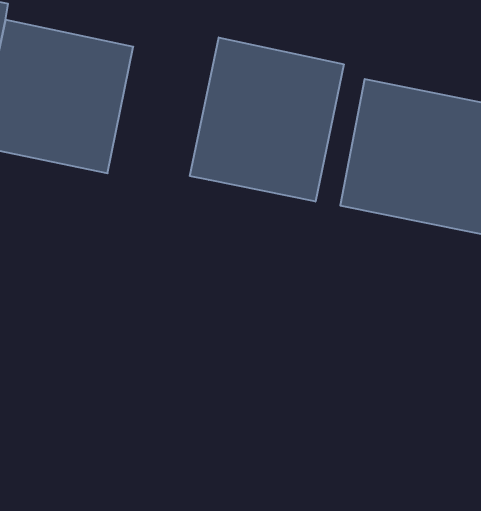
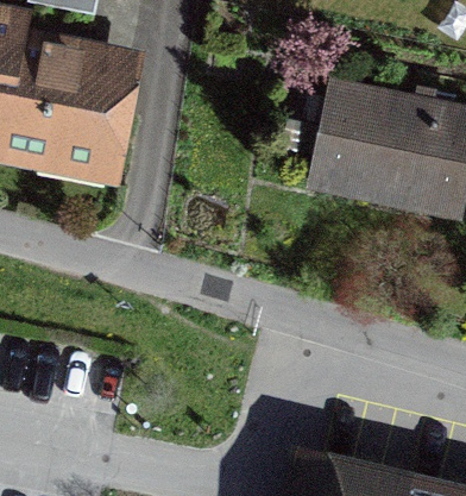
building: [190,37,344,202] -> none

